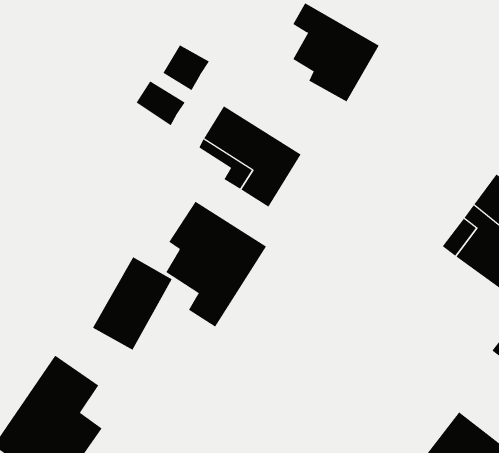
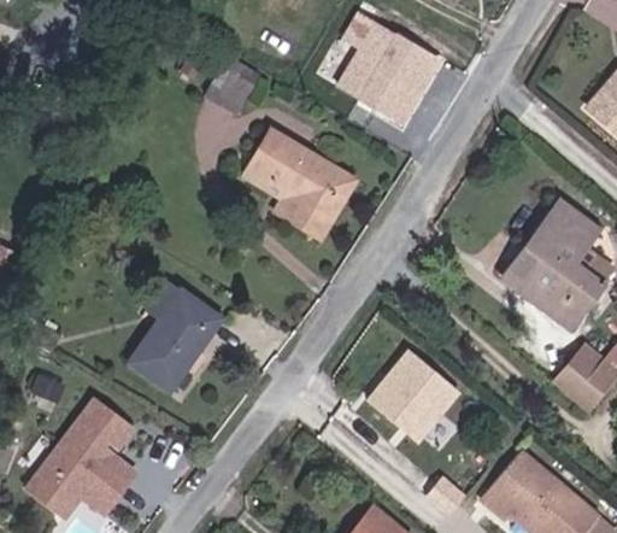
building: [136,80,186,126] -> none
building: [165,201,267,327] -> none
building: none -> [368,345,468,445]

